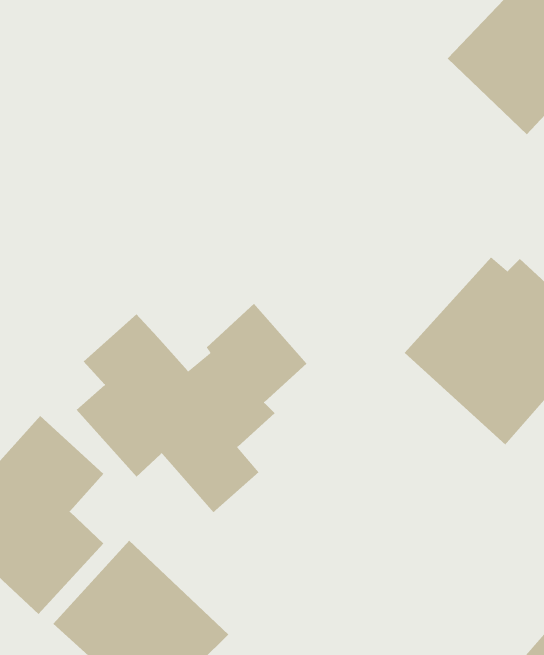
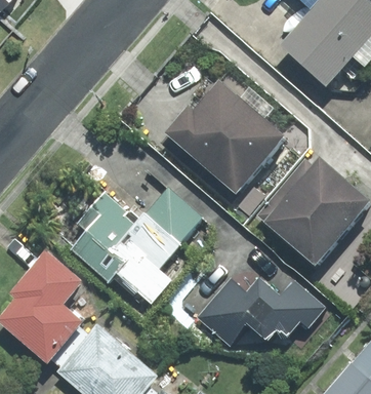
building: none -> [161,77,289,205]
building: none -> [198,278,327,348]

